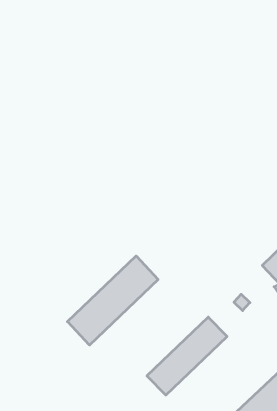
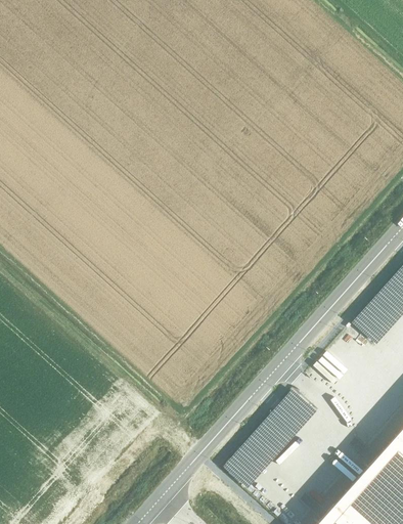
building: [67,256,158,345] -> none

